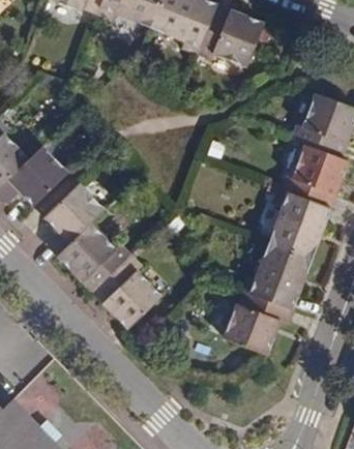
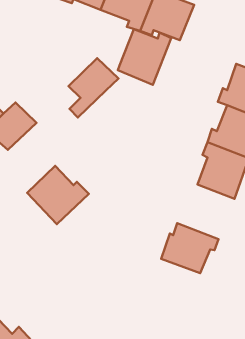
building: none -> [118,29,171,85]
building: [45,181,106,253] -> [69,58,118,117]
building: [240,243,311,310] -> none
building: [92,255,161,328] -> none

